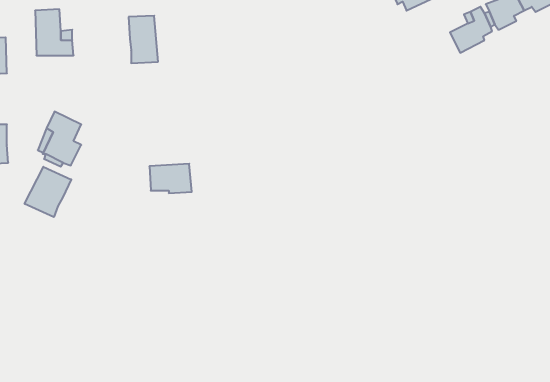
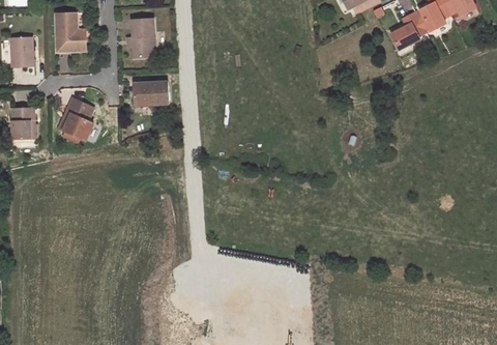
building: [149,164,192,193] -> [134,81,168,105]
building: [25,167,71,217] -> none

